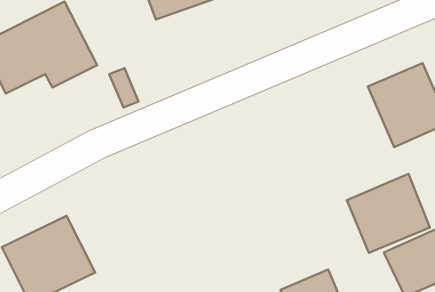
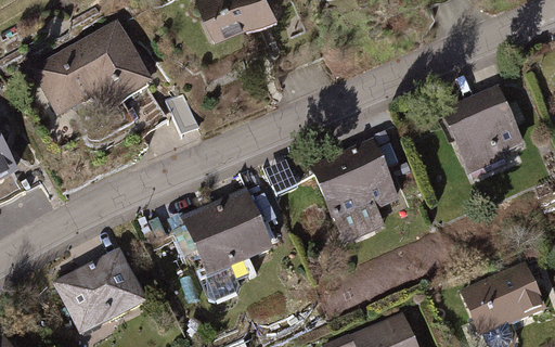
building: none -> [184,191,278,282]
building: [347,174,430,253] -> [311,141,400,226]

